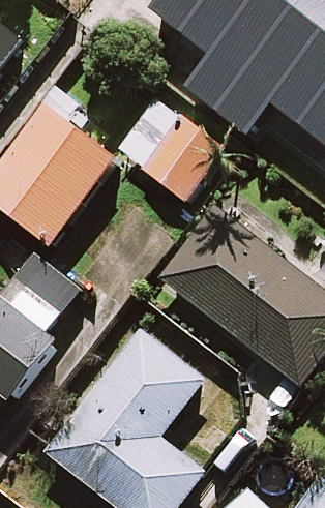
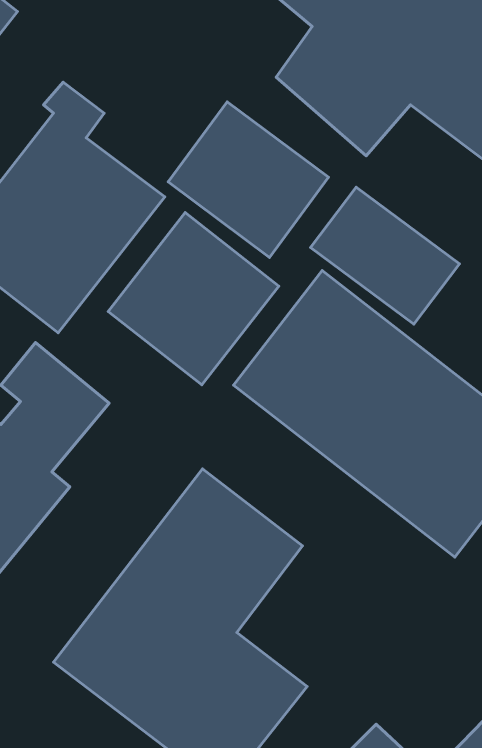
building: none -> [311,187,459,324]
building: none -> [108,213,279,385]

